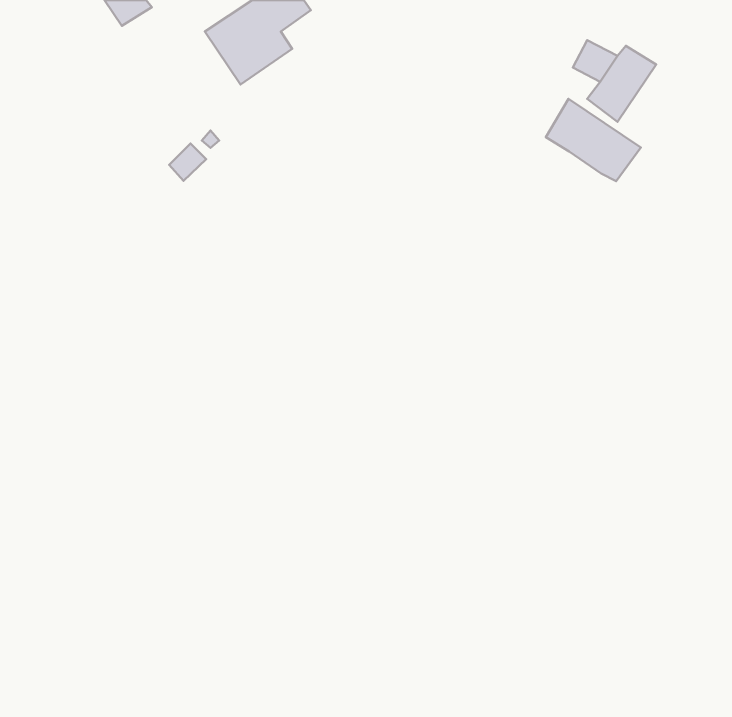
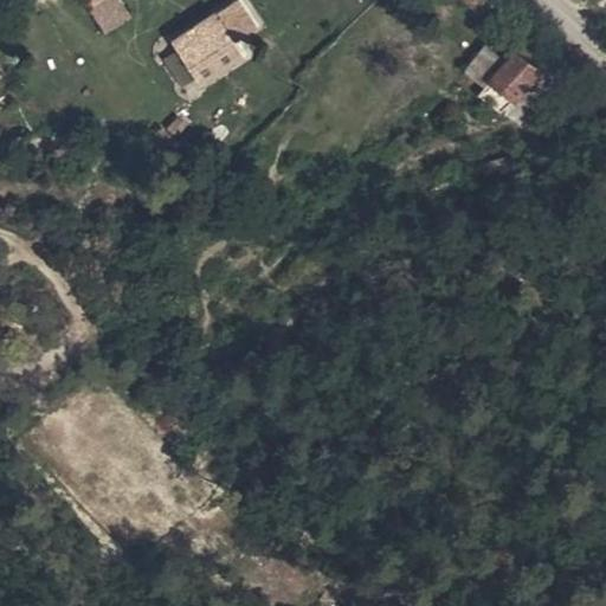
building: [546,99,641,181] -> none

